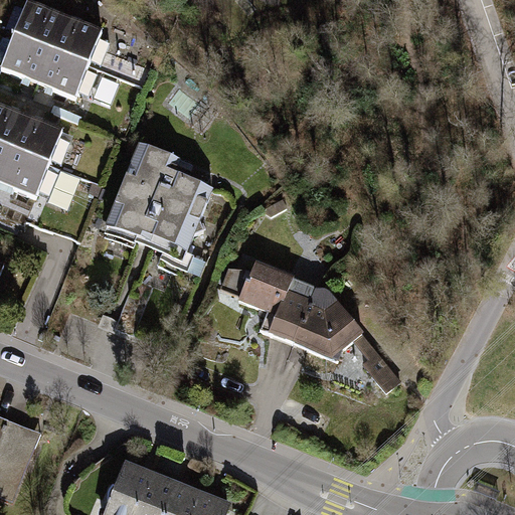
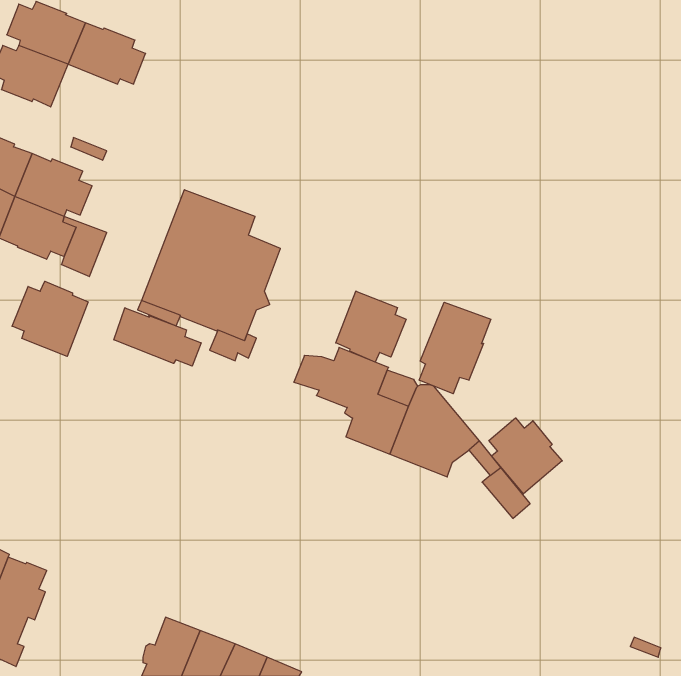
building: [38,48,97,97] -> none
building: none -> [12,281,88,356]
building: none -> [336,291,406,362]
building: none -> [419,302,491,394]
building: none -> [114,308,201,366]
building: none -> [489,418,562,494]

